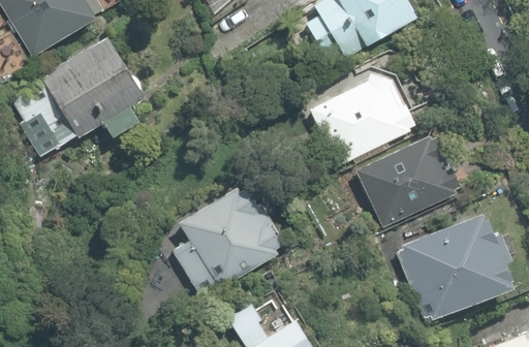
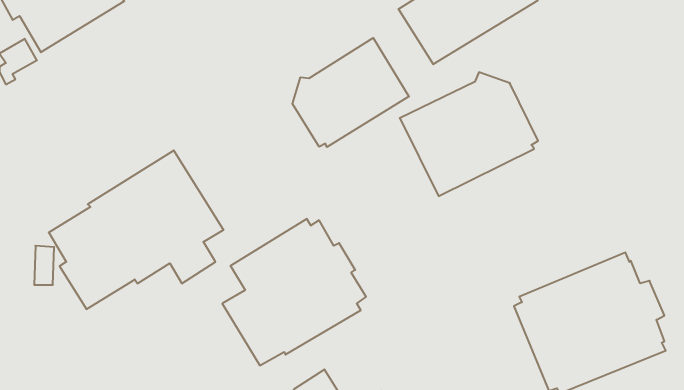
building: [11,36,146,158] -> [49,150,224,309]
building: none -> [292,38,409,147]
building: [355,135,460,232] -> none

